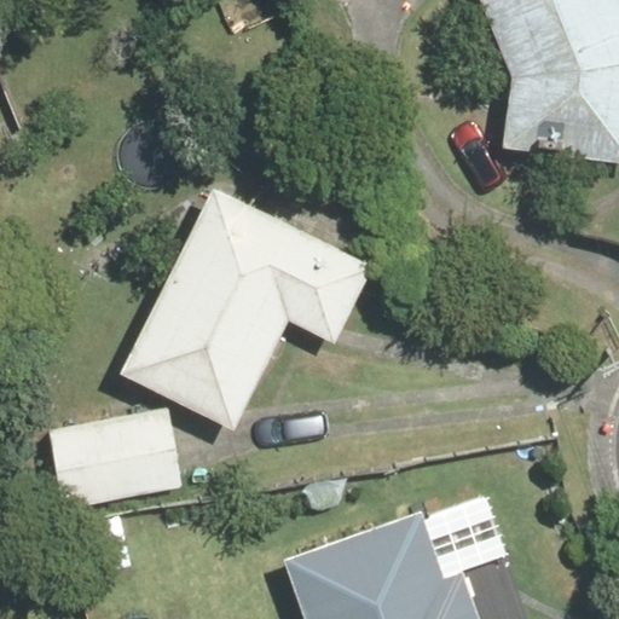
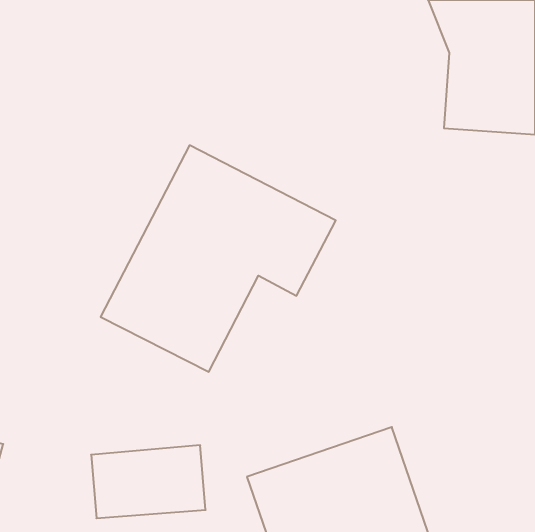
building: [51,417,181,501] -> [91,445,206,518]

